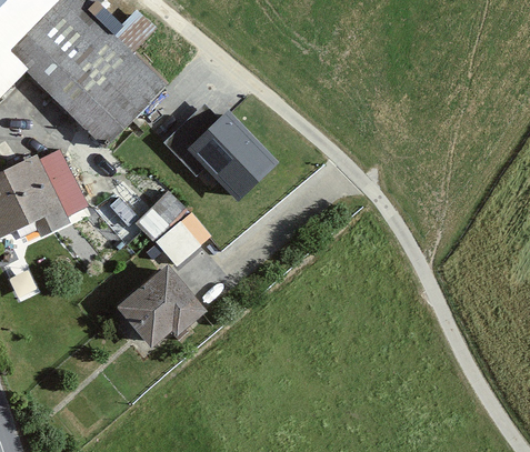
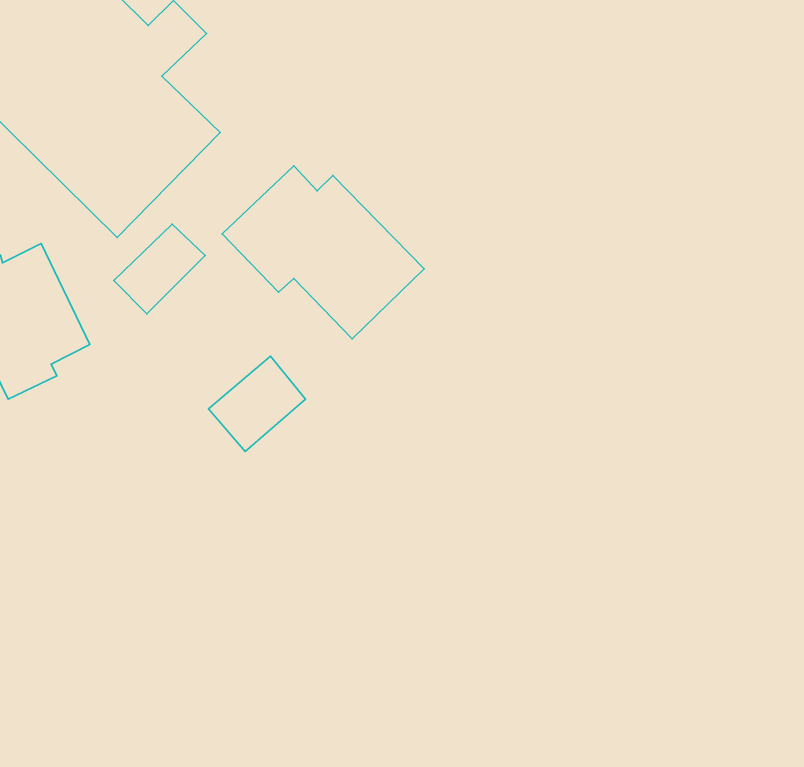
building: [133,192,186,243] -> [114,224,205,314]
building: [116,265,208,349] -> none

